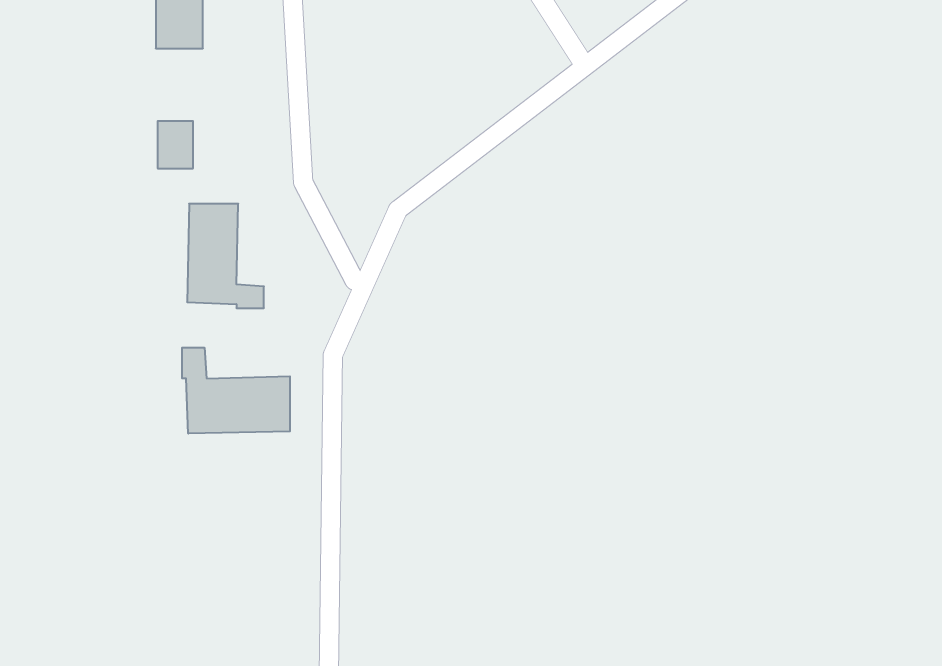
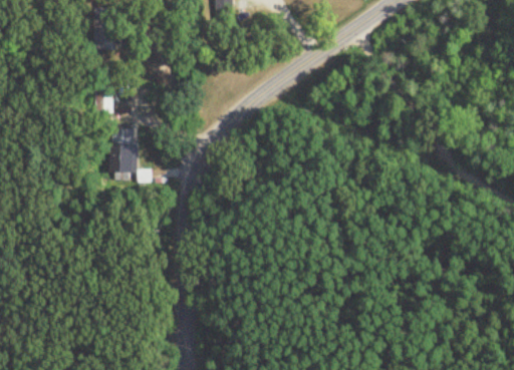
building: [182,348,290,434] -> none

